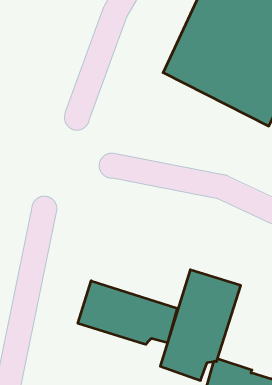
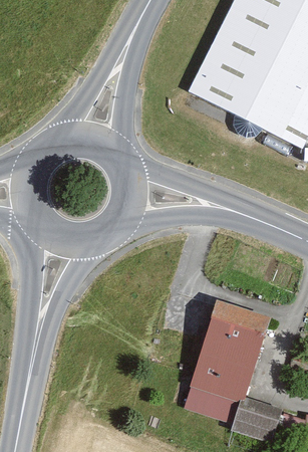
building: [78,281,177,344] -> none

